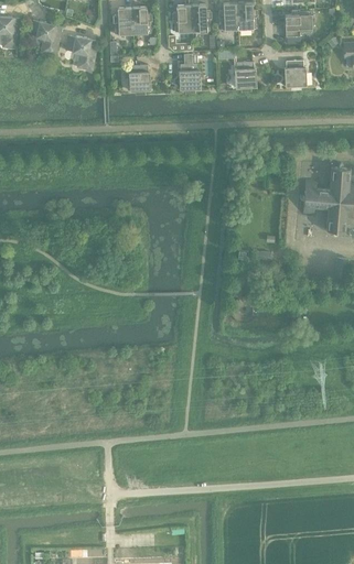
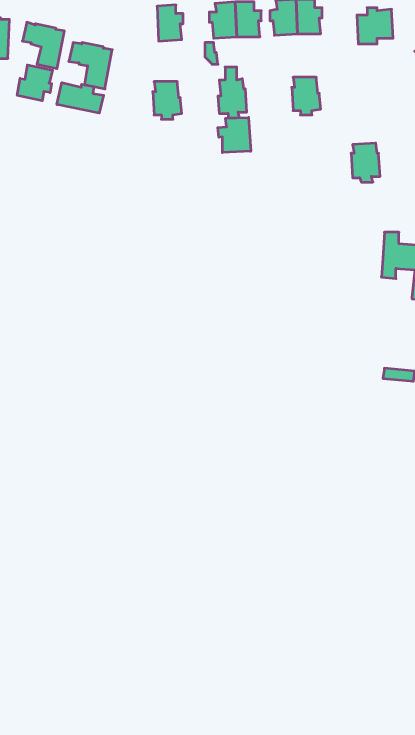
building: [111,7,132,33] -> none
building: none -> [17,65,53,101]
building: [283,58,305,88] -> [351,143,380,182]
building: none -> [57,83,104,113]
building: none -> [218,117,251,153]

